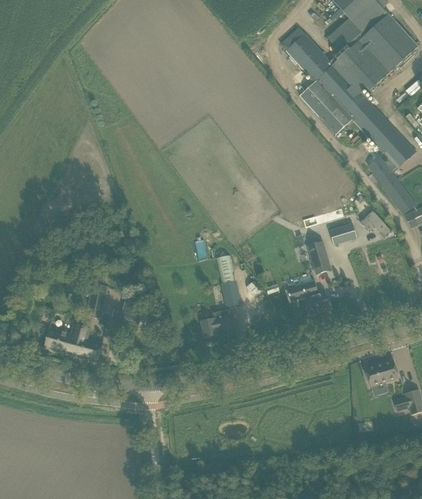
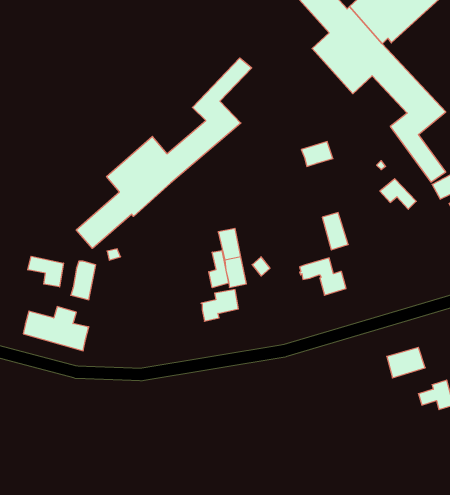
building: none -> [76,58,252,248]
building: [329,222,357,244] -> [301,142,333,166]
building: none -> [209,250,229,288]
building: none -> [28,256,63,287]

